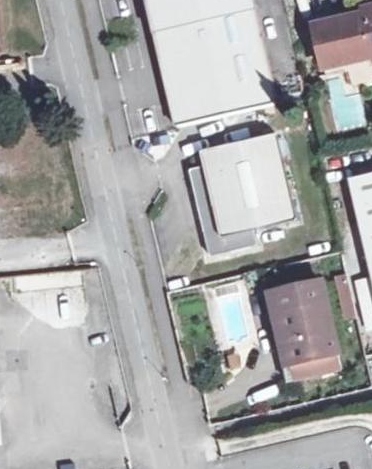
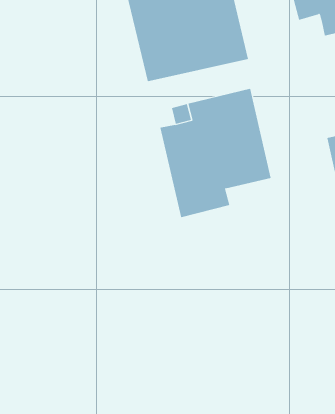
building: [273,278,340,376] -> none

